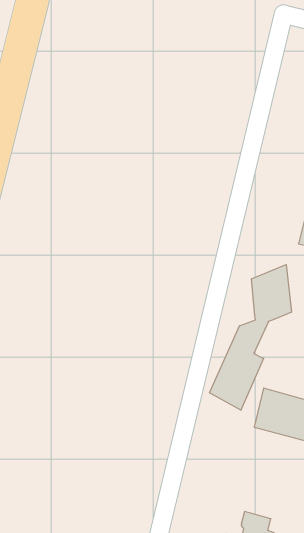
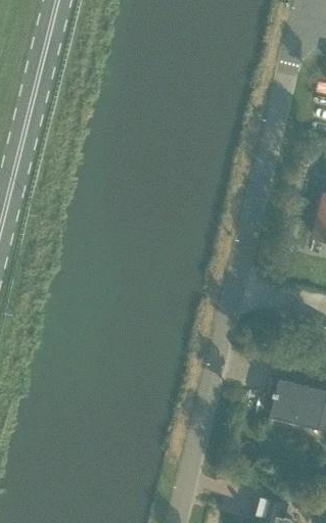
building: [210,265,291,410] -> none

